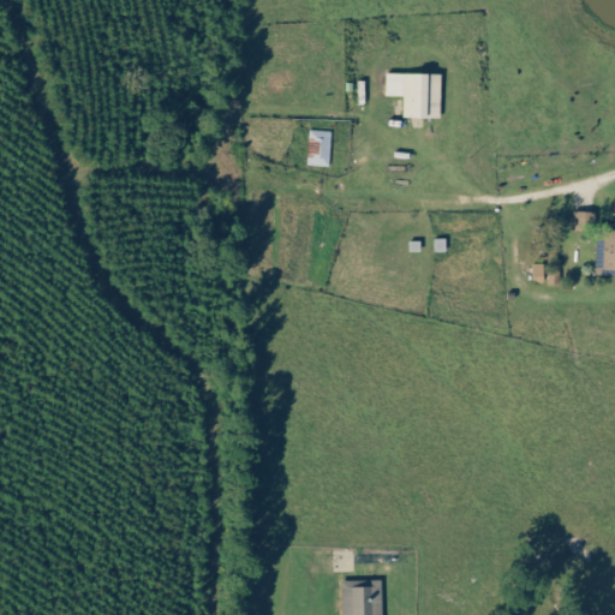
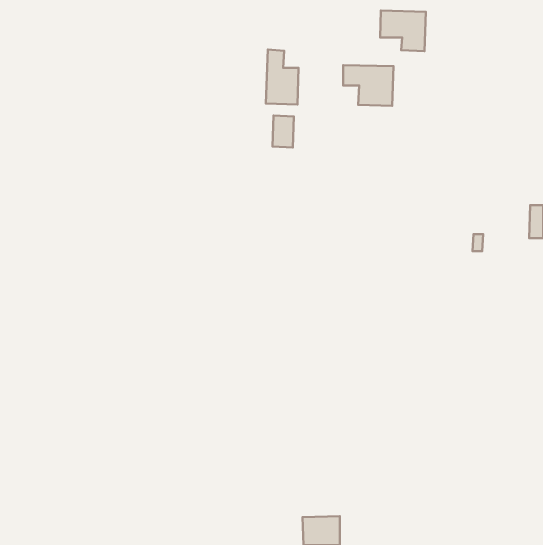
building: none -> [380,11,426,51]
building: none -> [266,50,299,105]

